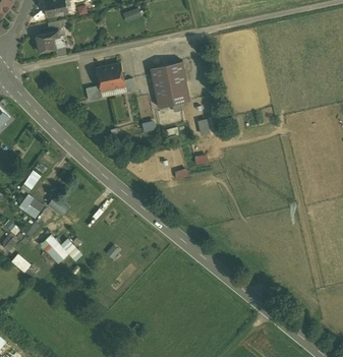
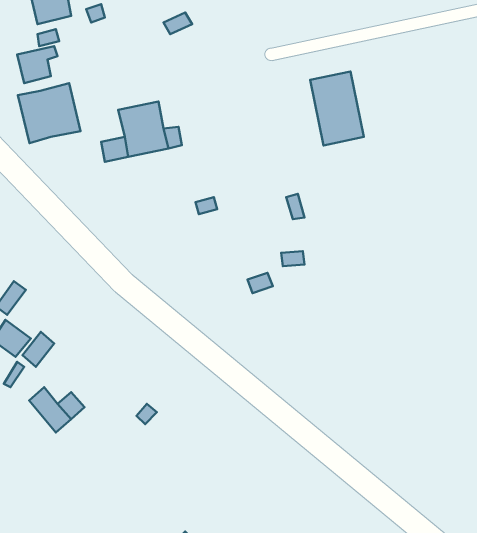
building: none -> [18,83,81,143]
building: [150,62,182,107] -> [310,71,364,145]

